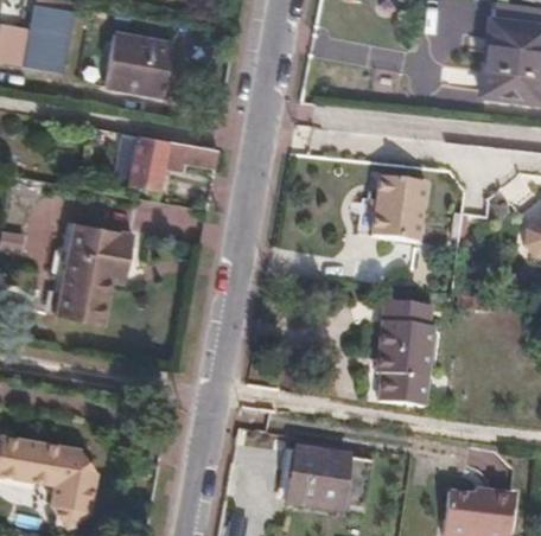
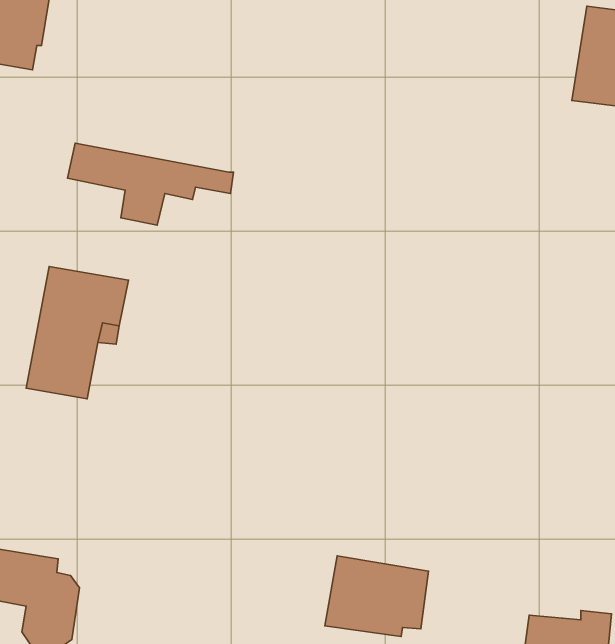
building: [106,33,173,94] -> none
building: [373,178,425,240] -> none
building: [376,300,434,406] -> none

